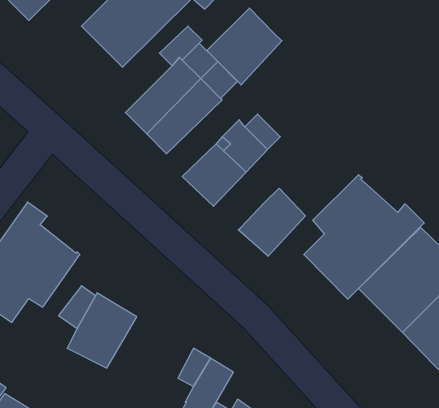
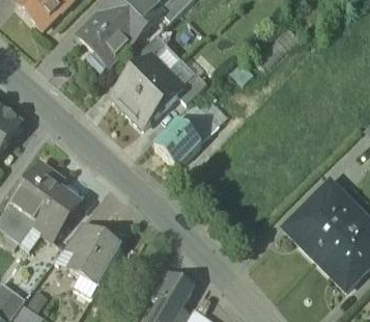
building: [207,8,282,85] -> none
building: [304,175,424,299] -> none
building: [238,188,305,256] -> none

